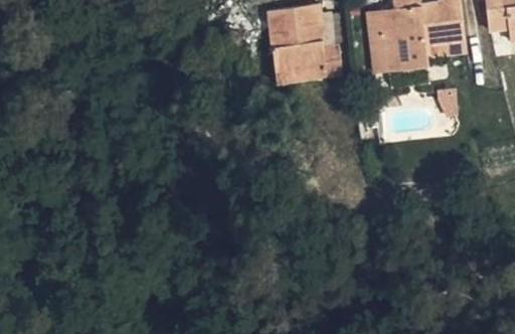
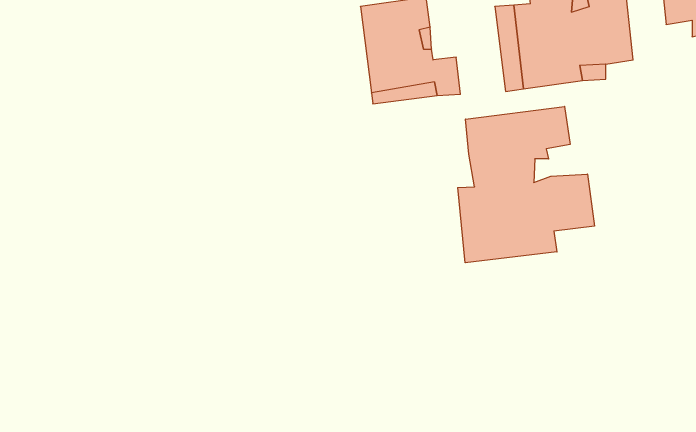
building: none -> [458,106,594,263]

